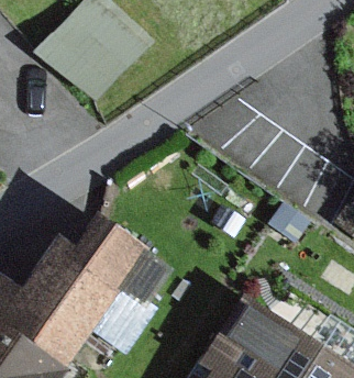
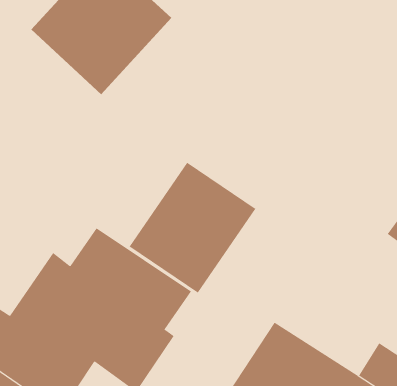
building: none -> [129,162,256,294]

